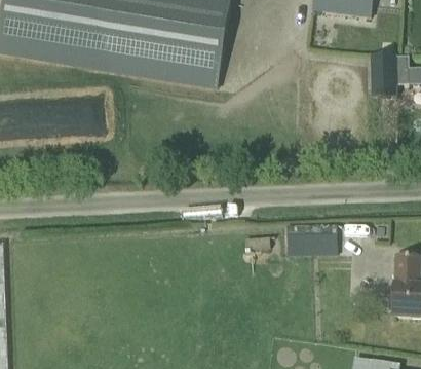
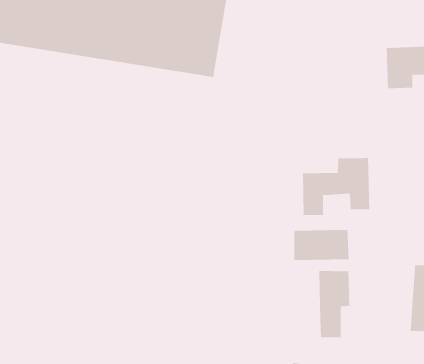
building: none -> [302,157,370,216]
building: none -> [318,270,350,338]

